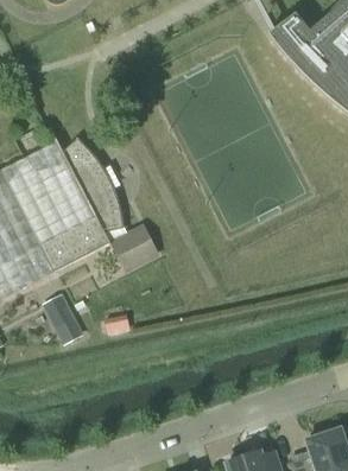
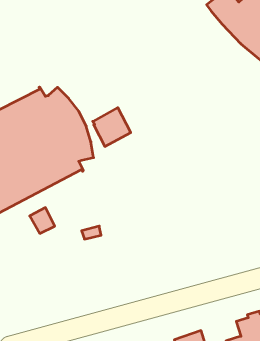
building: [110,223,159,273] -> [93,108,131,146]

